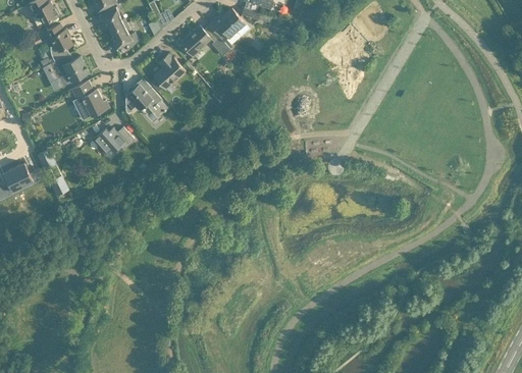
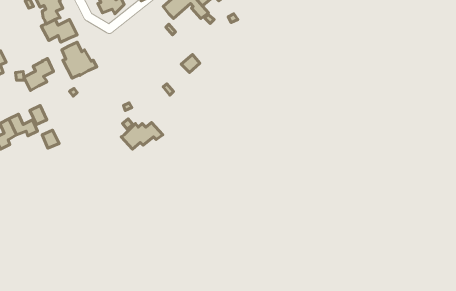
building: [153,53,186,89] -> none
building: [125,77,161,113] -> none
building: none -> [24,59,53,91]
building: [90,126,135,155] -> [121,123,163,149]

